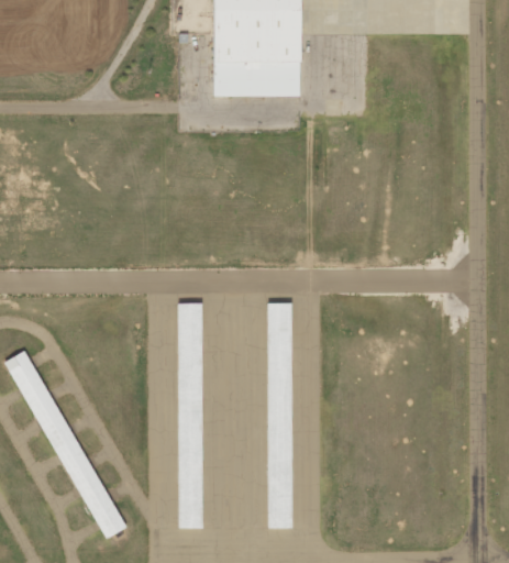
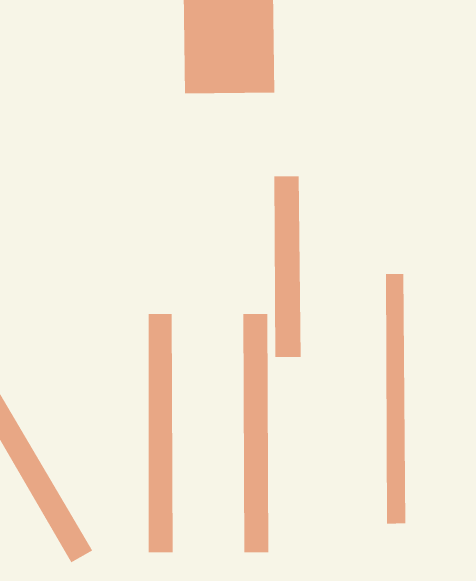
building: none -> [274,176,301,358]
building: none -> [385,273,406,524]

